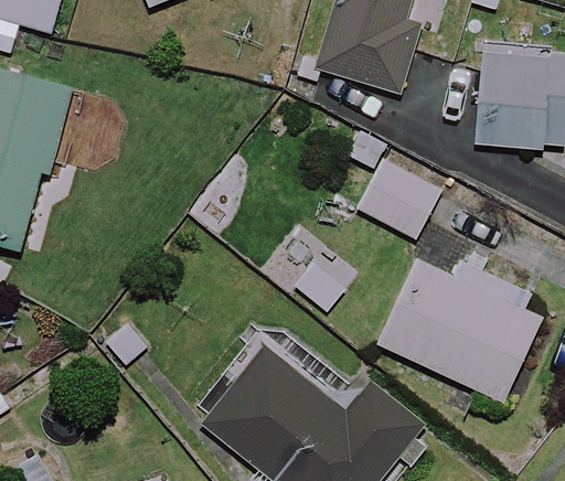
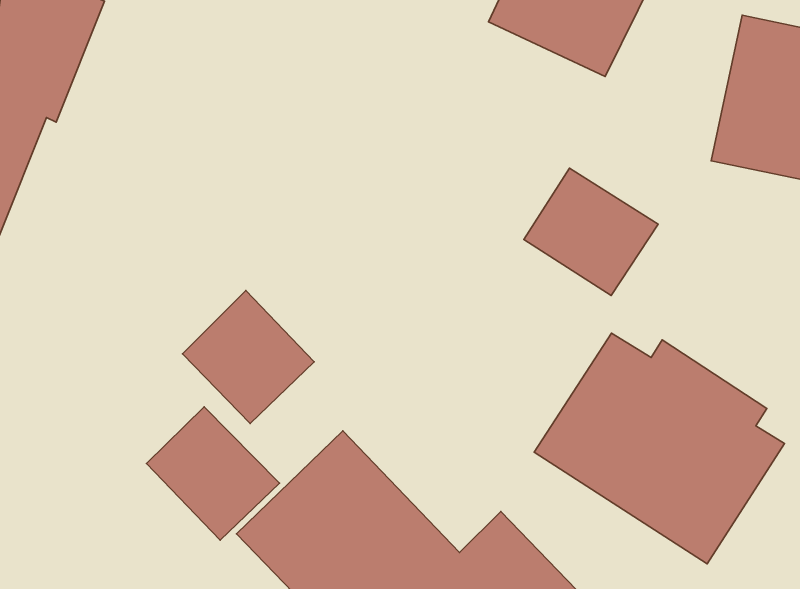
building: none -> [182,291,314,423]
building: none -> [146,407,280,540]

